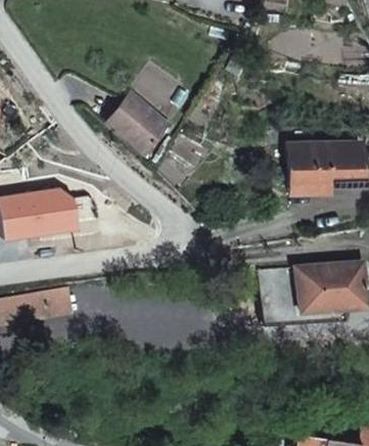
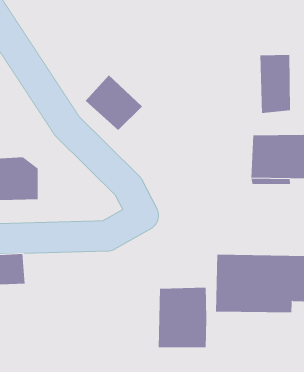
building: none -> [260,54,291,114]
building: none -> [158,287,207,348]

